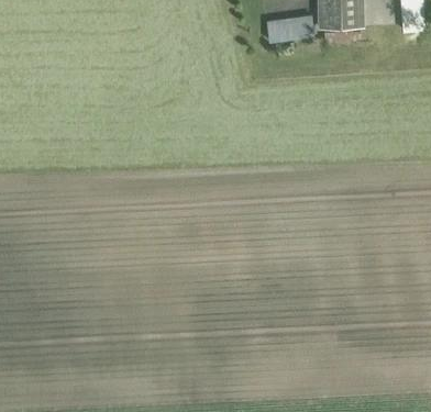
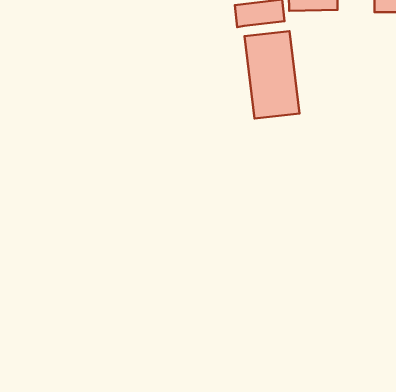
building: none -> [245,31,299,119]

